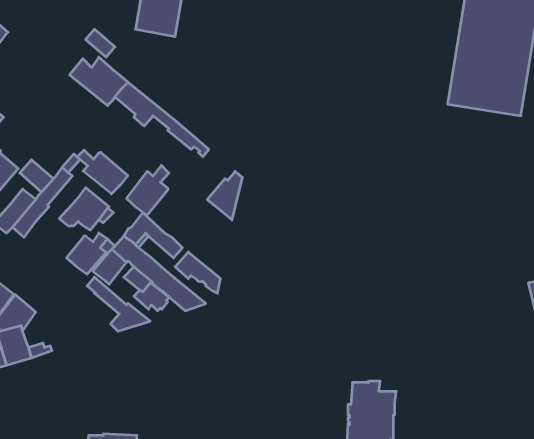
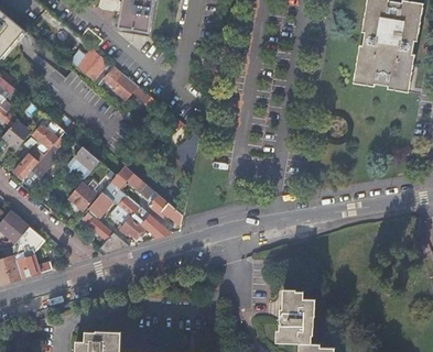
building: [77,150,128,194] -> none
building: [127,165,169,216] -> none

